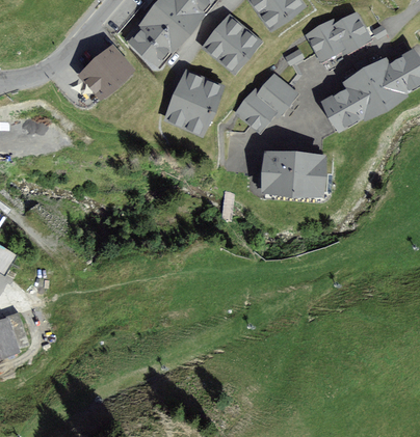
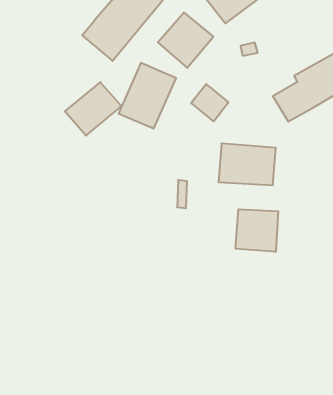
building: [310,15,370,58] -> none
building: [76,46,134,101] -> [65,82,121,136]
building: [259,76,295,112] -> none
building: none -> [236,209,278,252]

